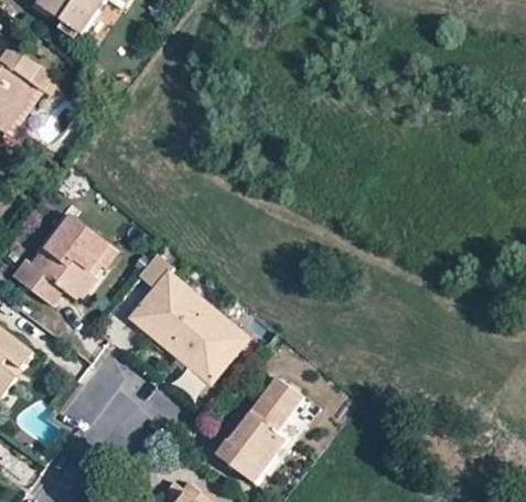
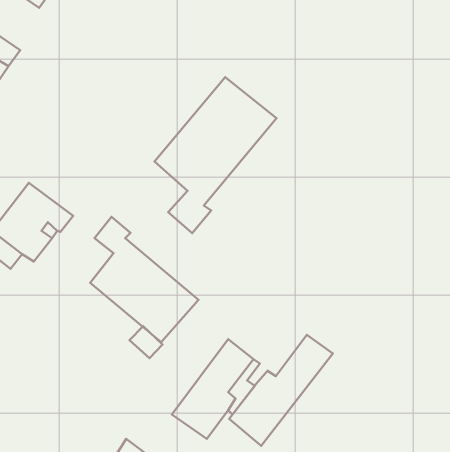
building: none -> [155,77,276,233]
building: none -> [229,335,333,446]

